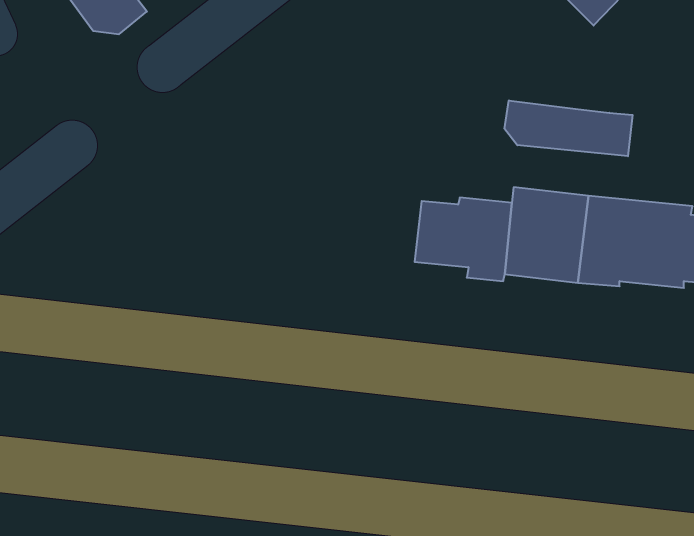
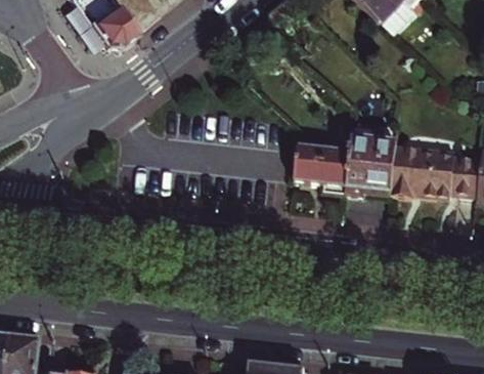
building: [505,100,633,156] -> none

